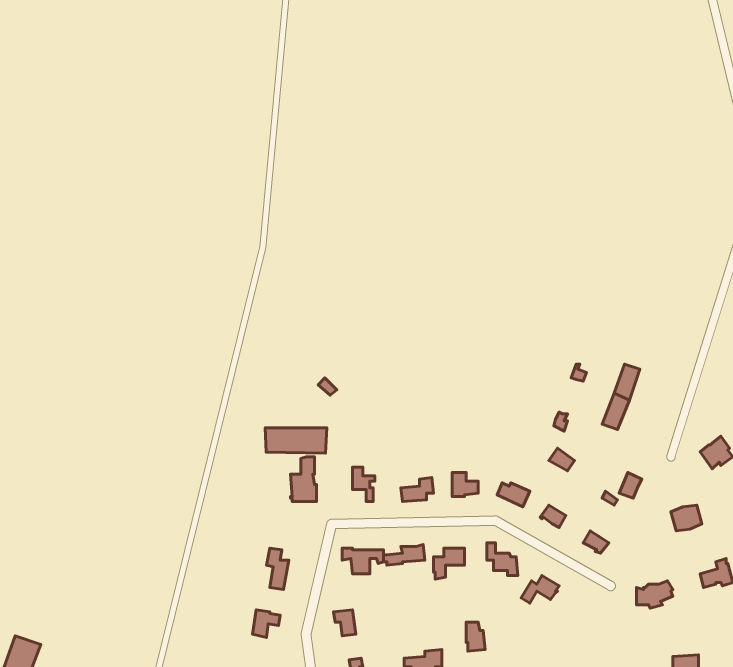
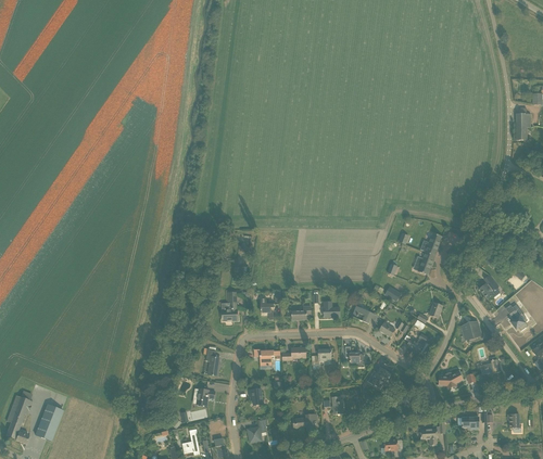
building: [265,428,327,453] -> none

